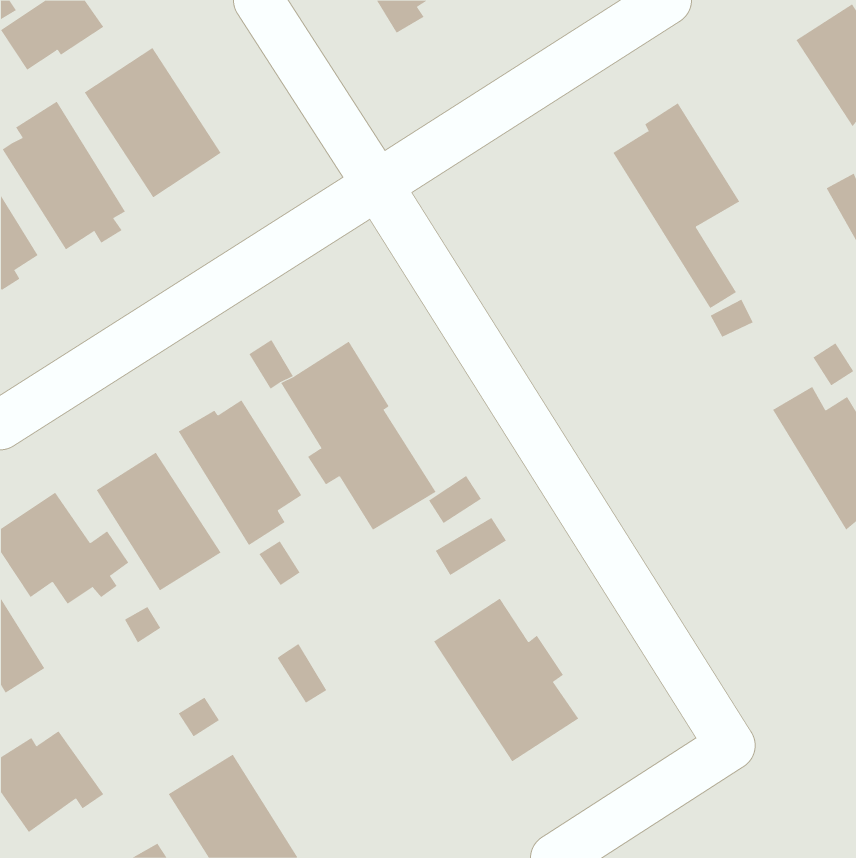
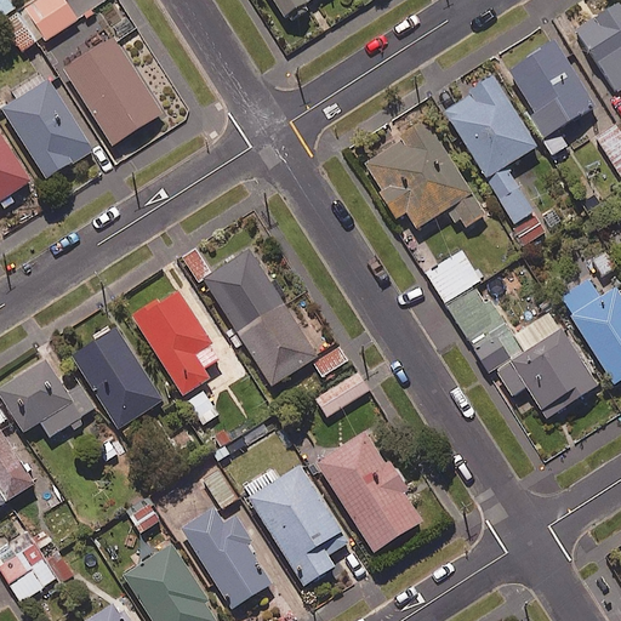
building: none -> [506,40,593,155]
building: none -> [360,118,483,227]
building: none -> [428,257,602,425]
building: none -> [243,463,348,583]
building: none -> [173,507,269,611]

